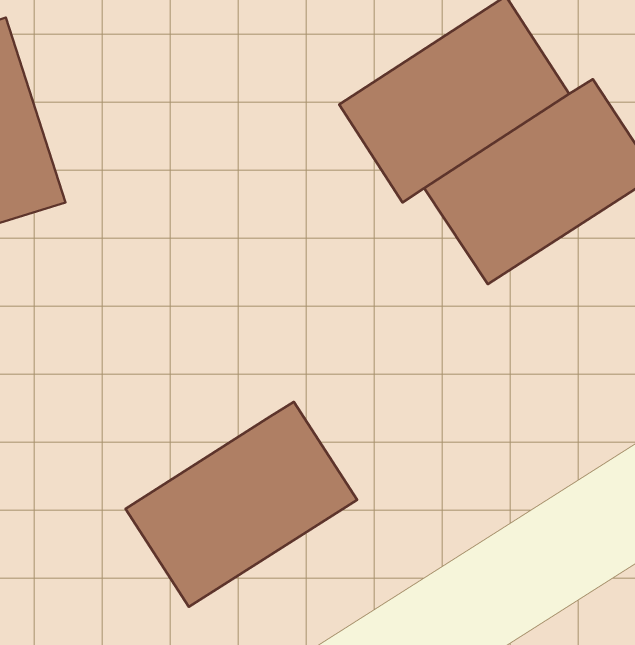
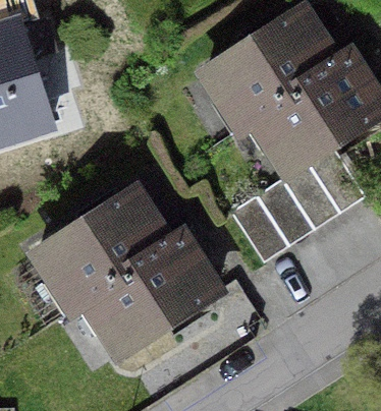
building: none -> [230,144,366,261]
building: none -> [39,190,167,305]

